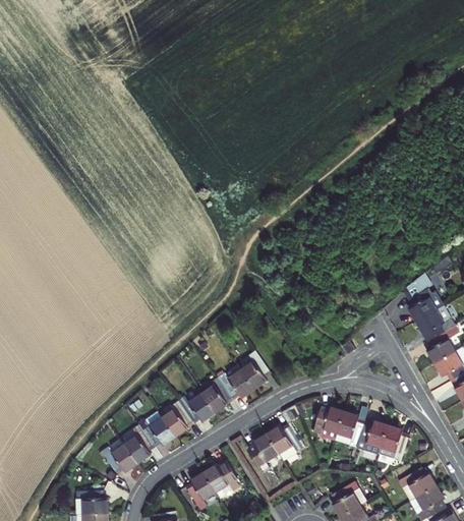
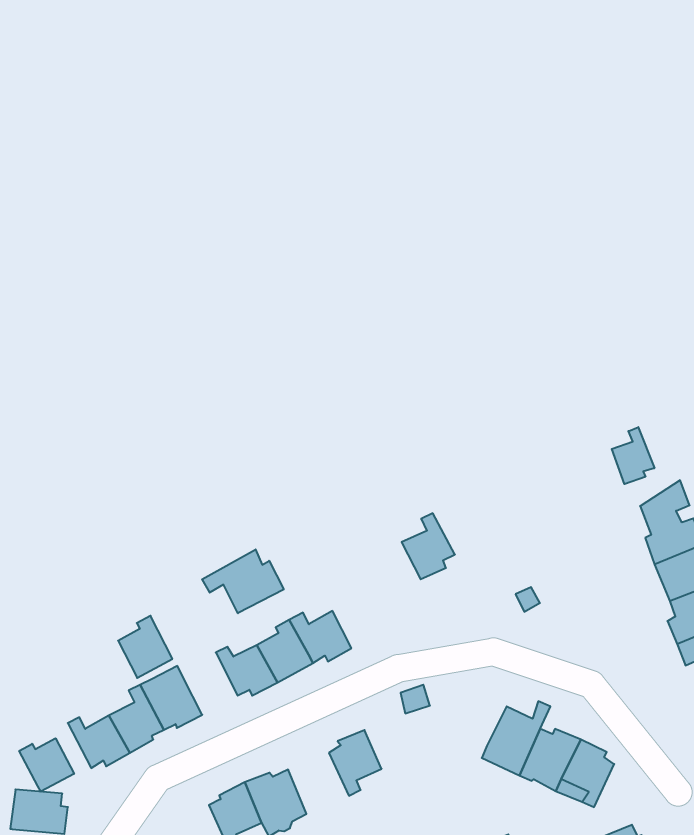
building: none -> [612,427,654,484]
building: none -> [202,549,284,613]
building: [239,351,270,389] -> [402,513,455,579]
building: [161,401,192,437] -> [118,616,172,678]
building: [311,405,343,441] -> none
building: [266,424,300,460] -> none
building: none -> [19,738,74,792]

